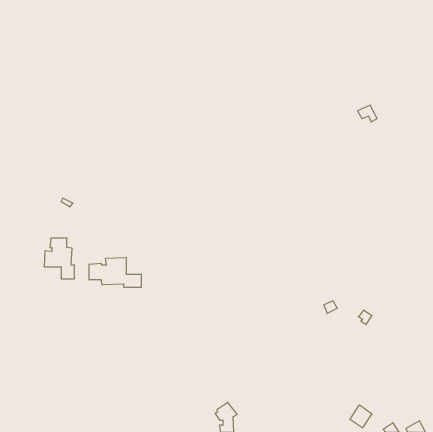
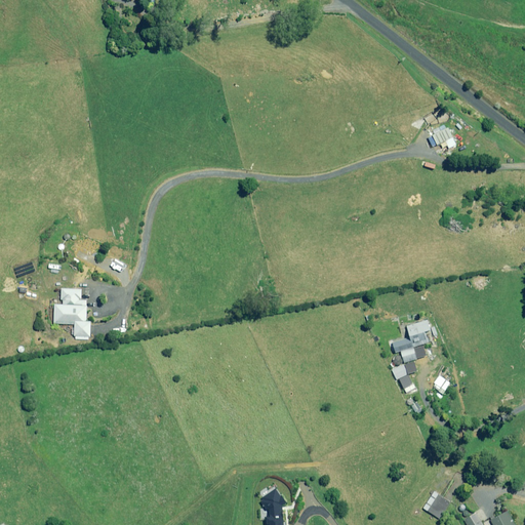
building: [89,257,141,287] -> none
building: none -> [393,319,432,362]

